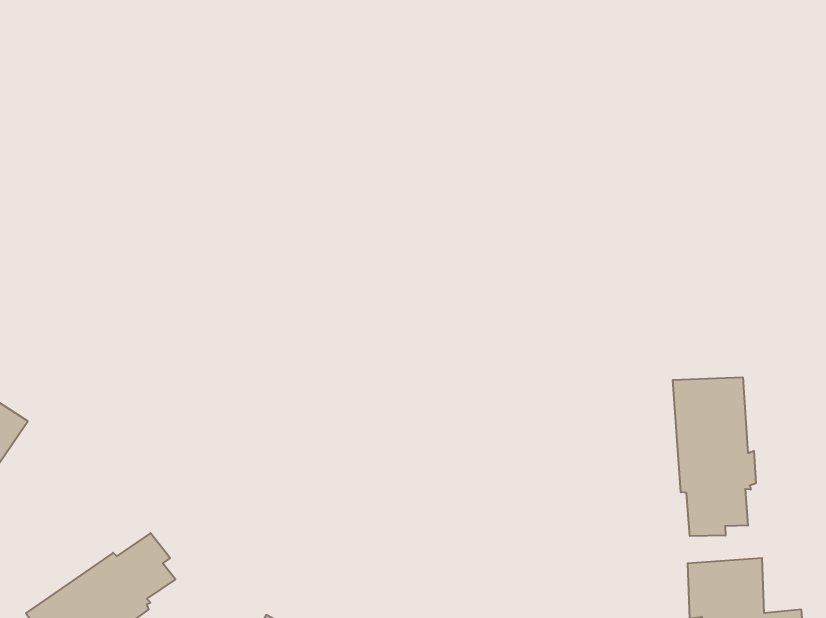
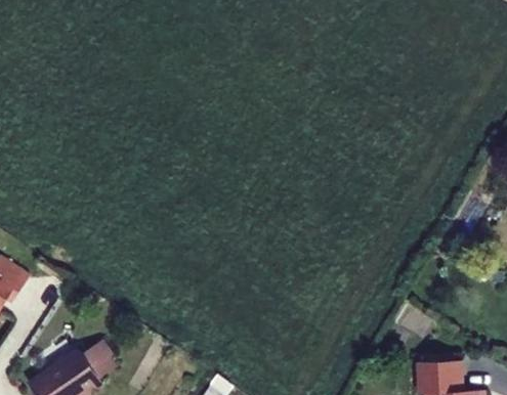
building: [673,377,756,536] -> none

